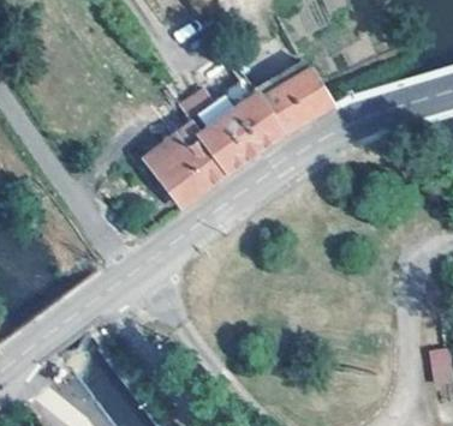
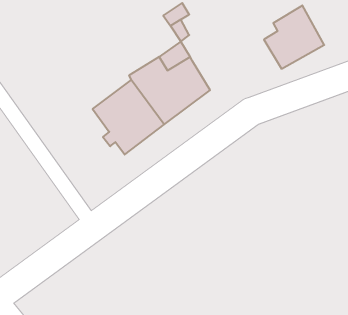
building: [261,60,330,133] -> [264,5,324,69]

